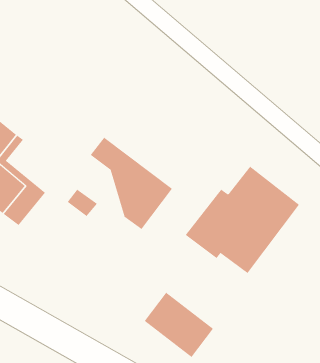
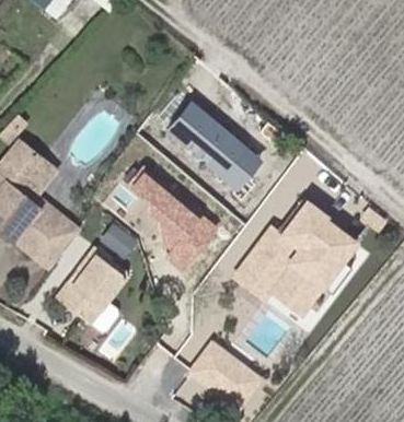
building: none -> [165,97,262,187]
building: none -> [53,248,123,331]

